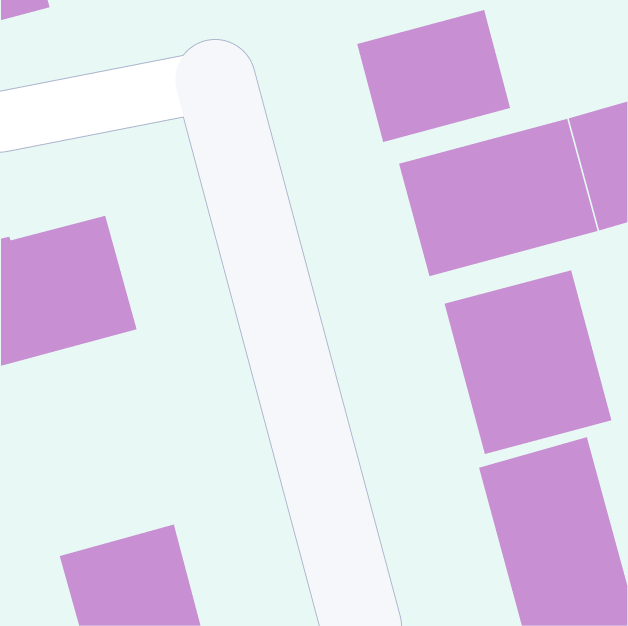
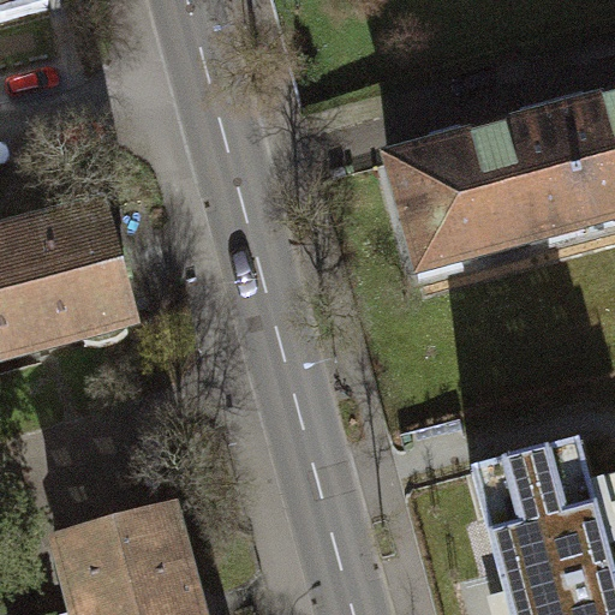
building: [356,9,511,143] -> none
building: [444,269,612,455] -> none

